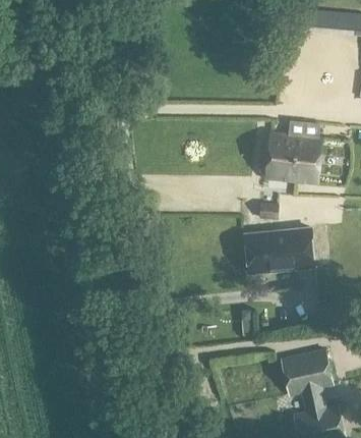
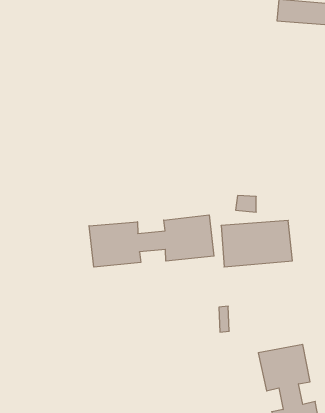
building: [266,133,320,181] -> none
building: none -> [89,215,214,267]

